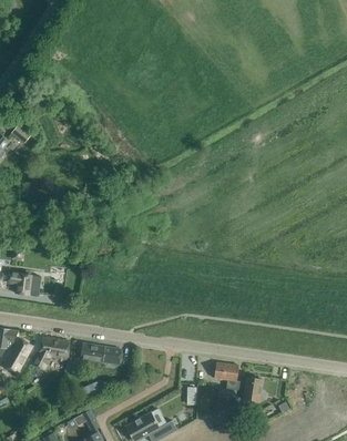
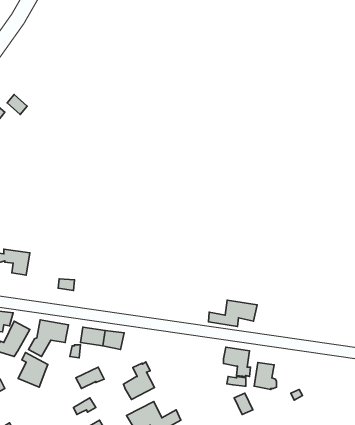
building: none -> [208,300,257,327]
building: none -> [18,352,48,387]
building: none -> [123,362,154,400]

